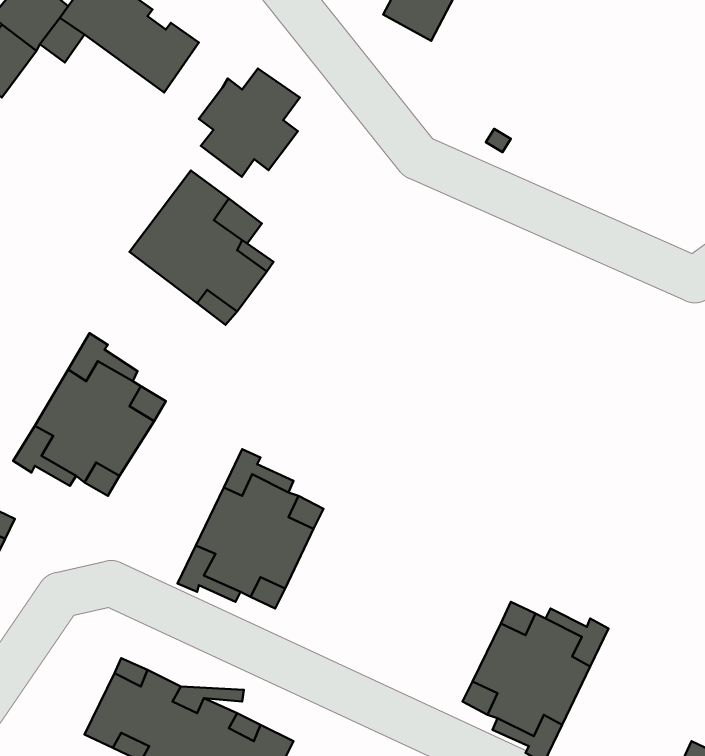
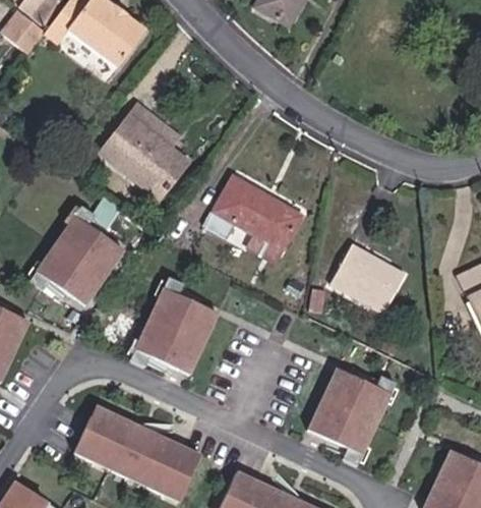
building: [199,68,300,177] -> none
building: none -> [214,177,299,250]
building: none -> [330,248,401,314]

